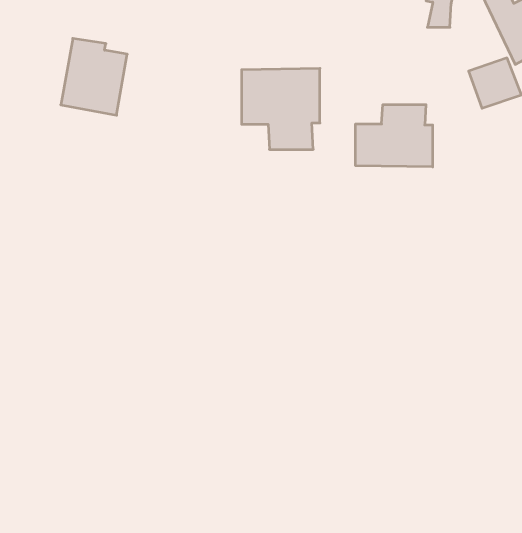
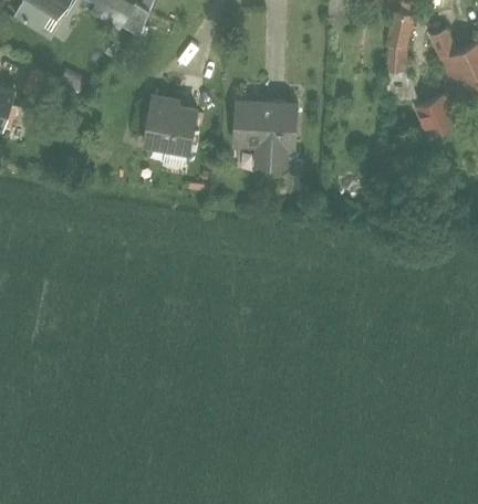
building: [61,38,127,115] -> [143,97,198,161]
building: [356,105,433,167] -> none

